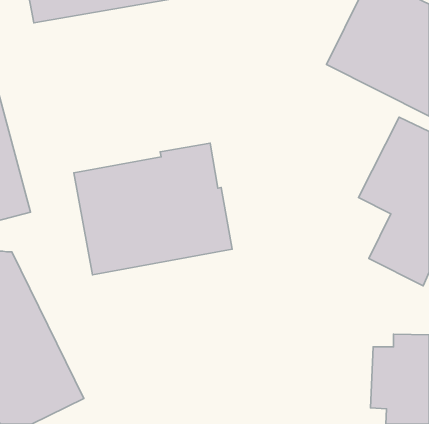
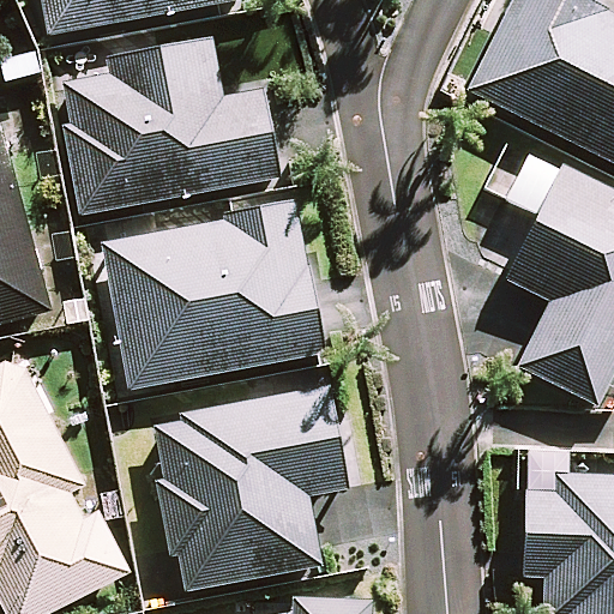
building: none -> [66,40,283,213]
building: none -> [157,386,350,590]

